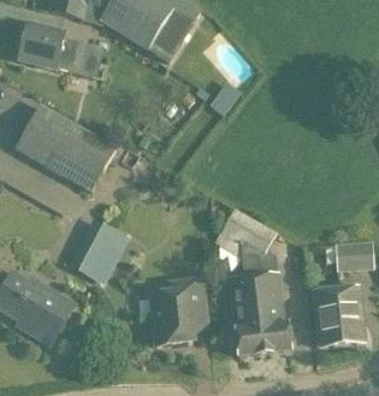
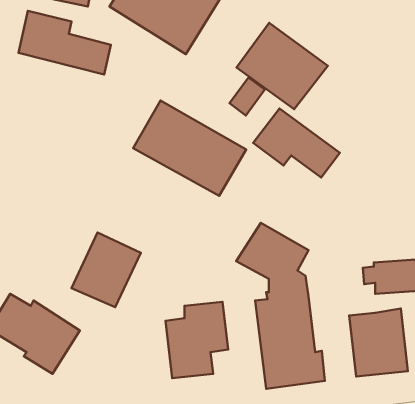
building: none -> [237,23,328,109]
building: [17,106,117,190] -> [133,101,246,196]
building: none -> [253,108,340,177]

